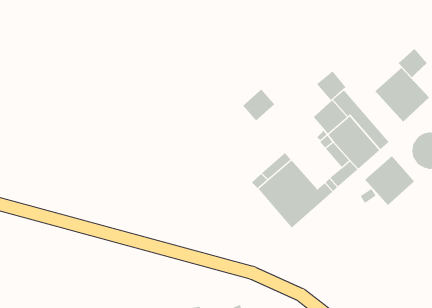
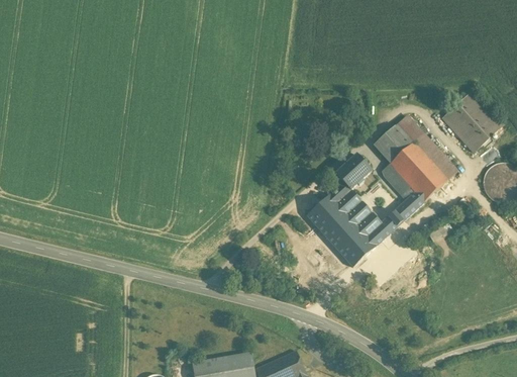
building: [398,48,428,78] -> none
building: [316,70,346,101] -> none
building: [242,88,275,122] -> [336,155,373,191]
building: [364,155,415,206] -> none

